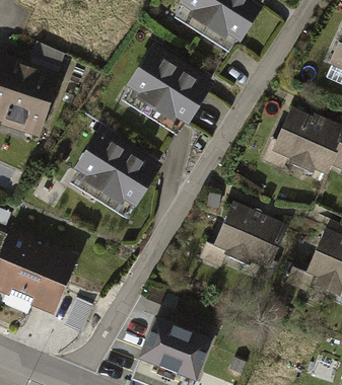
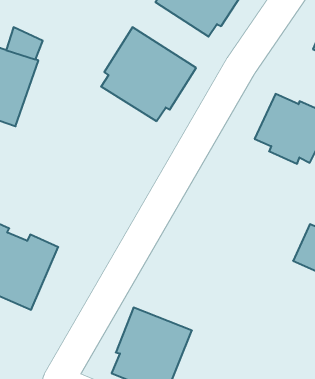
building: [71,127,161,216] -> none
building: [213,202,287,266] -> none

